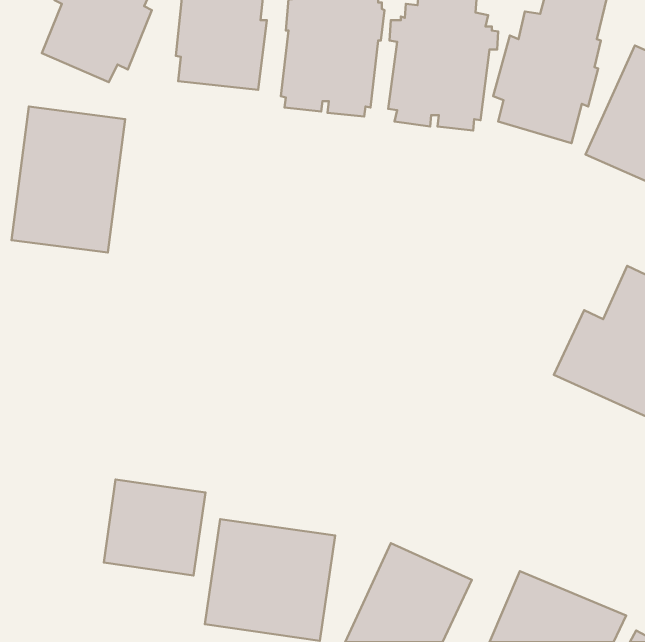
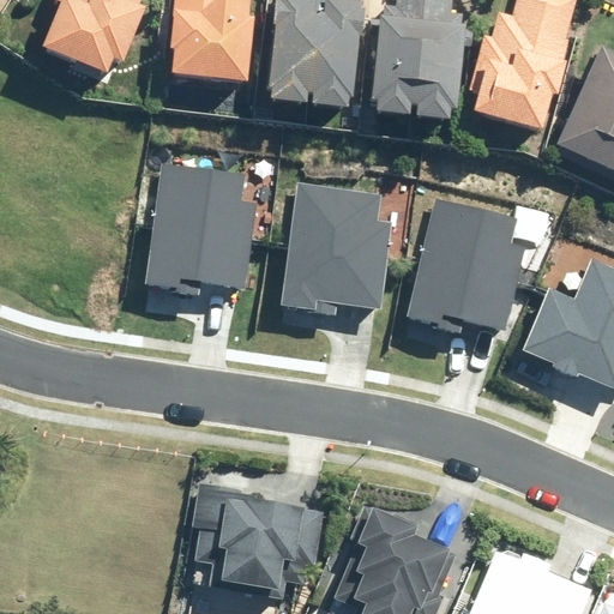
building: [11,107,125,253] -> none
building: none -> [149,163,253,288]
building: none -> [285,183,390,311]
building: none -> [410,198,523,327]
building: [104,480,205,576] -> none

